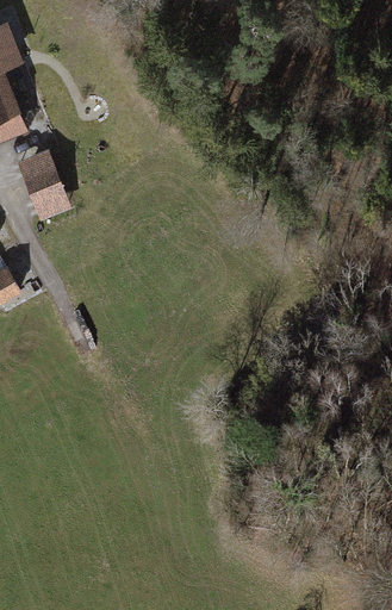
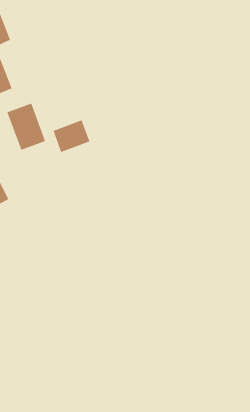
building: none -> [53,120,90,153]

